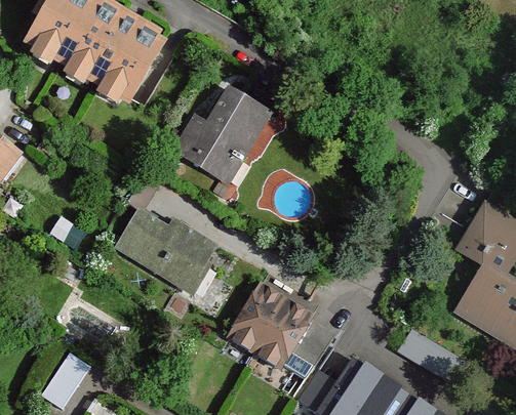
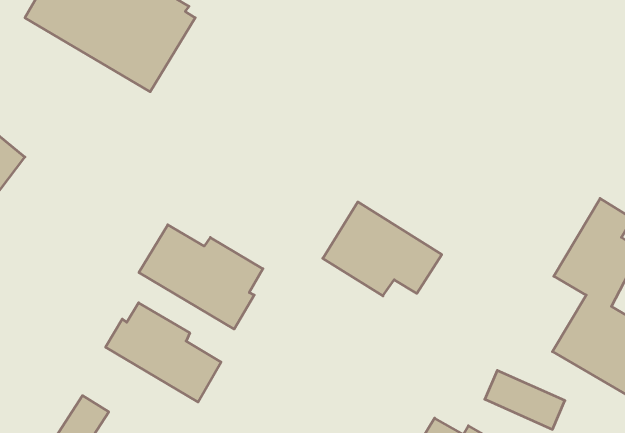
building: [173,87,274,186] -> none
building: none -> [106,303,221,402]
building: [228,289,325,366] -> [323,202,442,296]

